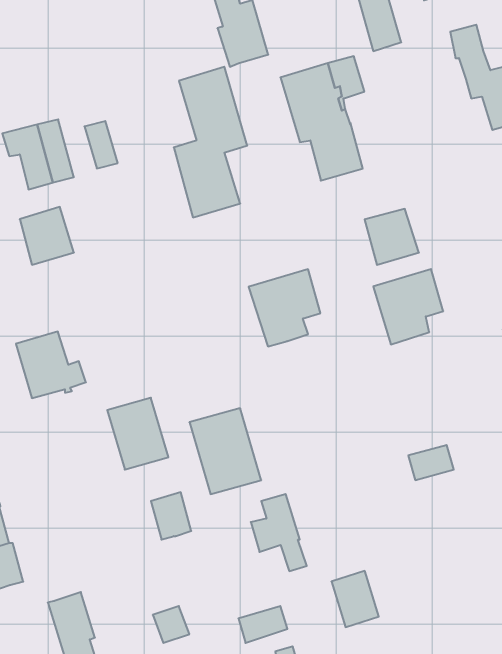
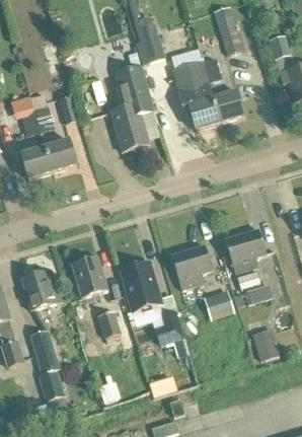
building: none -> [45,139,76,171]
building: [365,209,419,265] -> [213,90,244,123]
building: [373,269,443,344] -> [225,229,266,273]
building: [249,269,320,346] -> [170,244,212,289]
building: [16,332,86,398] -> [21,271,62,309]
building: none -> [204,289,234,319]
building: none -> [29,329,60,373]
building: [331,571,379,627] -> [251,326,279,359]

